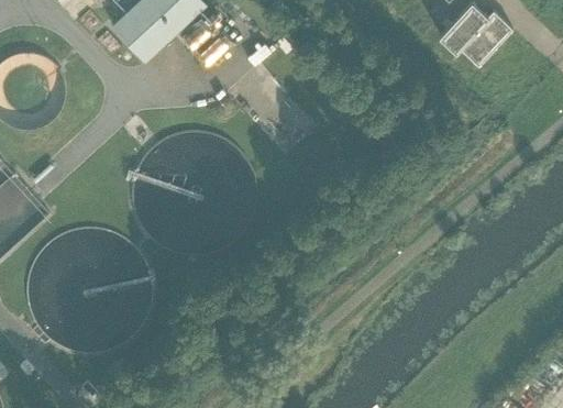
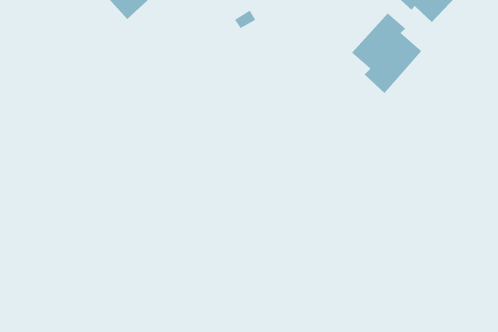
building: none -> [351,13,422,94]

